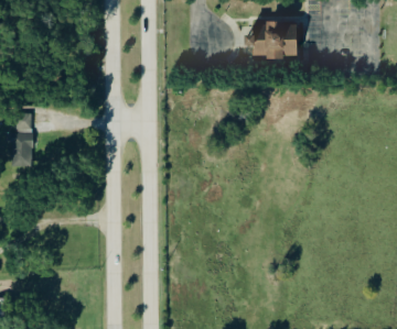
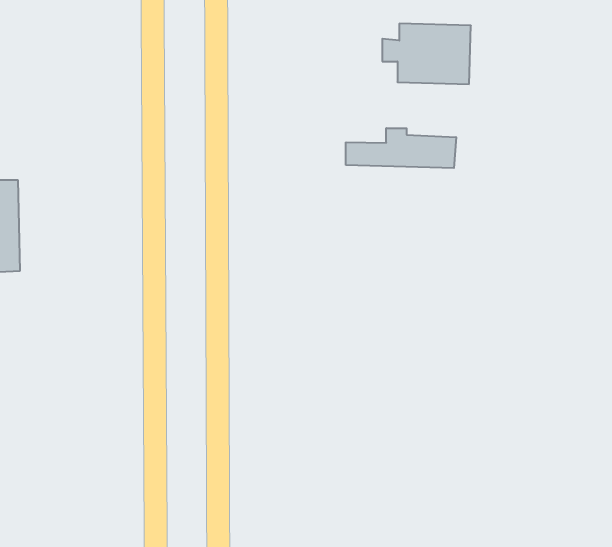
building: none -> [346,128,456,168]

